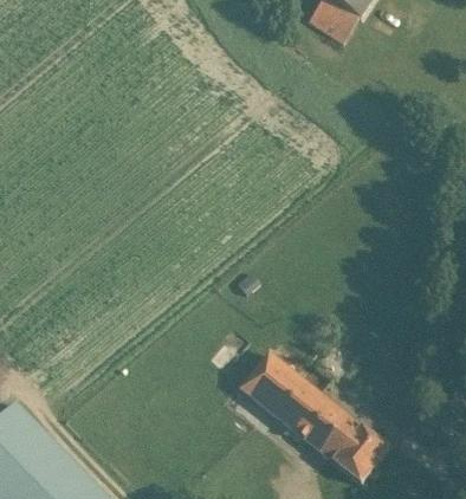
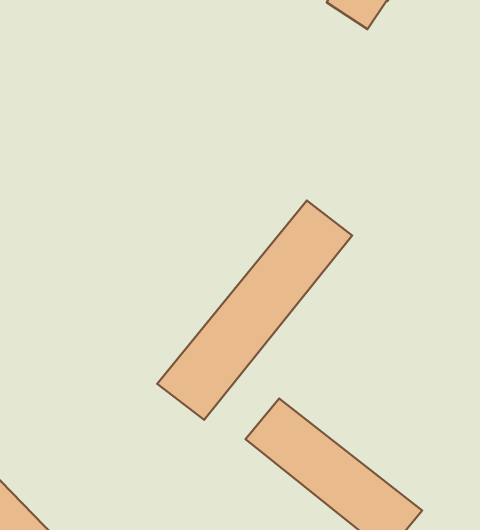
building: none -> [157,201,352,420]

